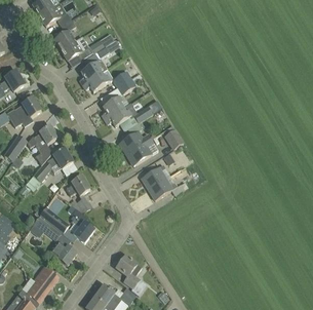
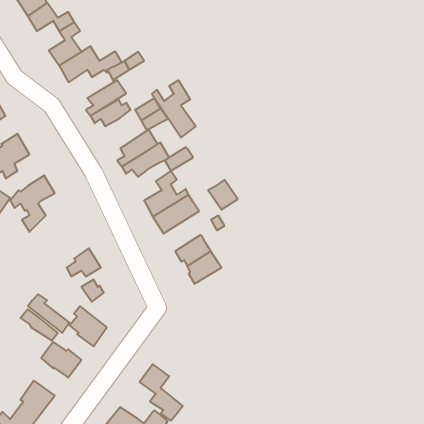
building: none -> [152,80,196,138]
building: [25,147,73,186] -> none

